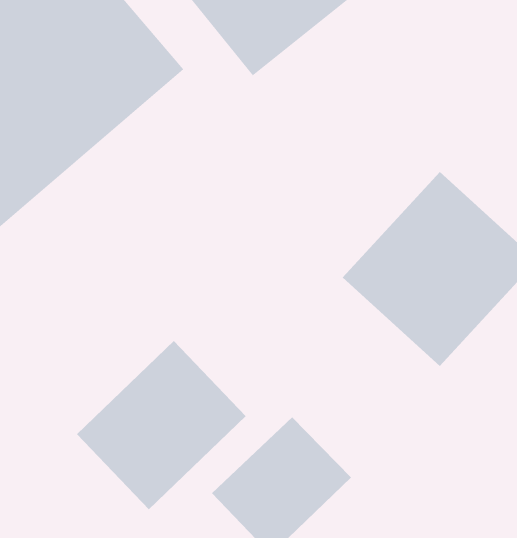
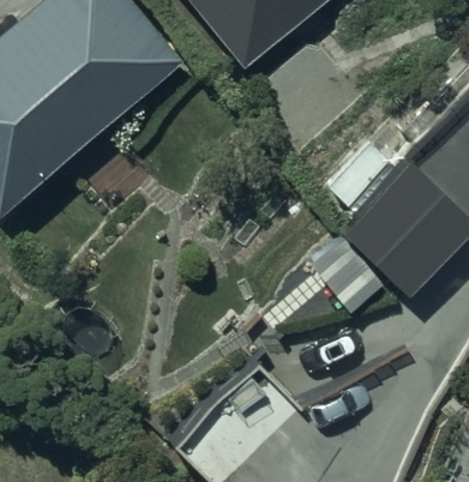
building: [76,340,247,510] -> none

